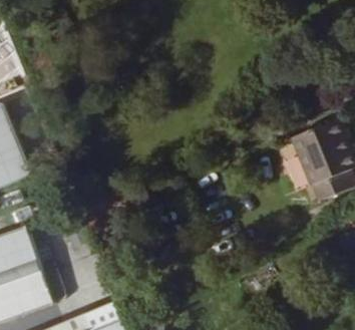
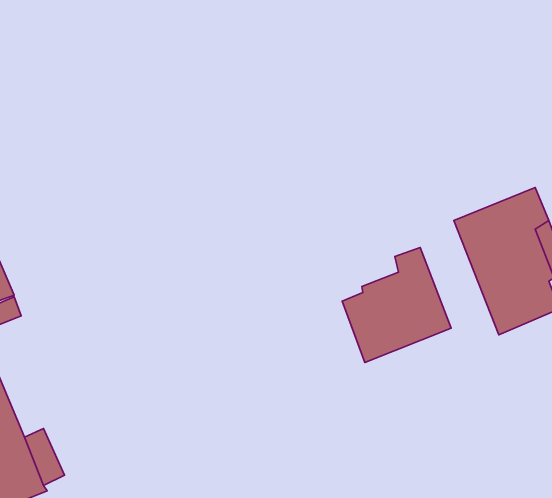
building: none -> [342,247,451,362]

